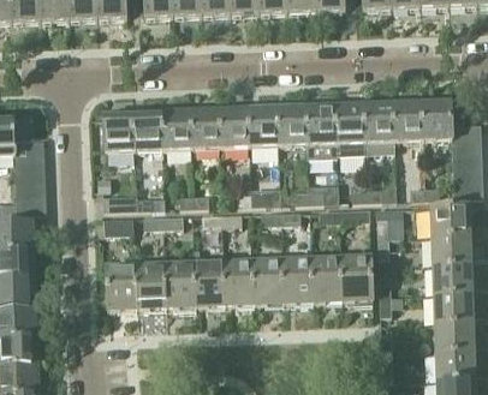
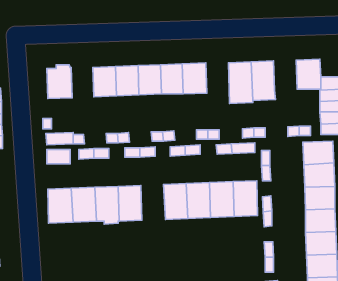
building: [393,102,423,140] -> none
building: [307,106,337,160] -> none
building: [135,112,163,150] -> none
building: [224,261,255,306] -> none

